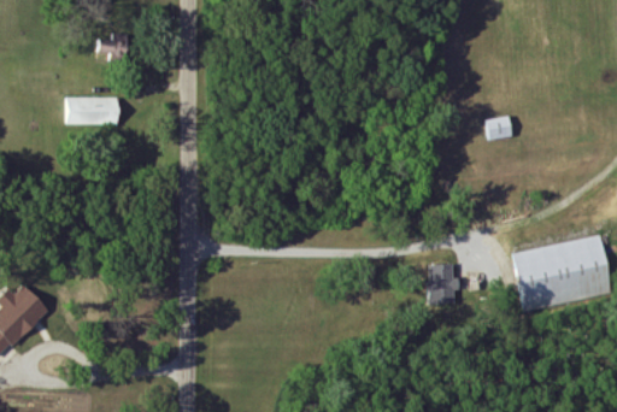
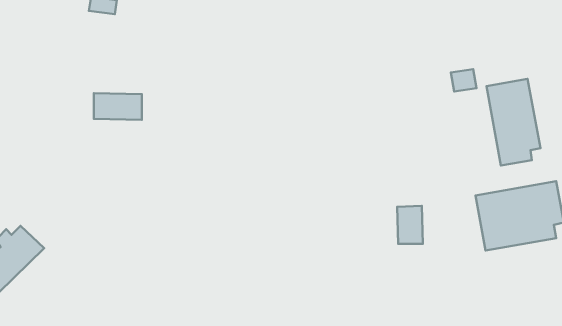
building: [66,96,118,125] -> [94,93,142,120]
building: none -> [486,79,540,165]

